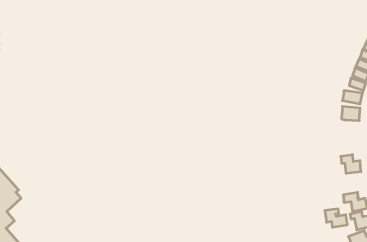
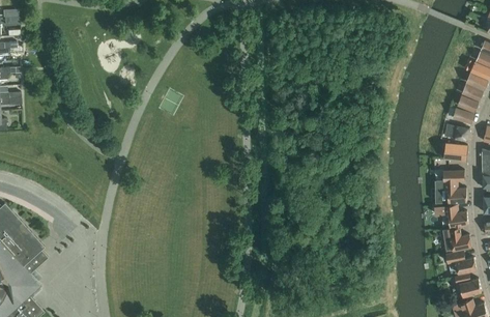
building: none -> [435,170,467,202]
building: [325,209,347,227] -> [443,227,471,250]

